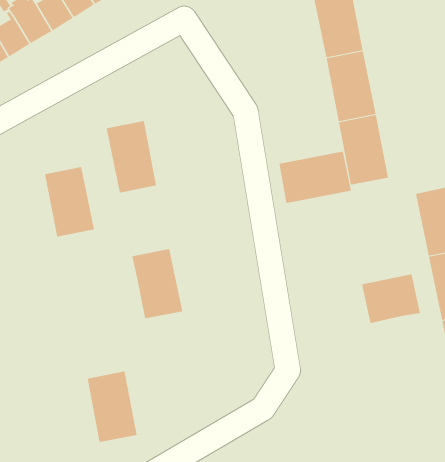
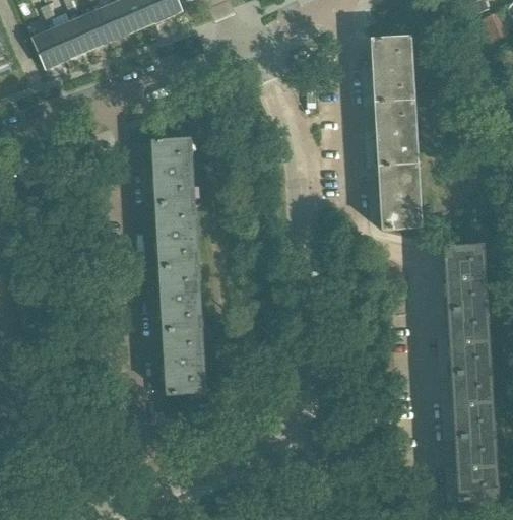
building: [279,151,351,204] -> none
building: [44,167,95,237] -> [155,203,197,268]
building: [361,274,420,324] -> none
building: [87,371,138,443] -> [163,329,204,395]

